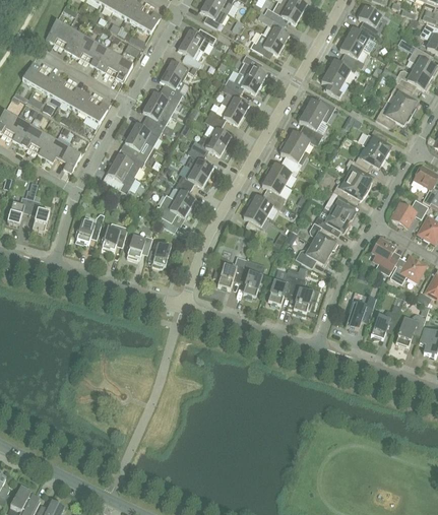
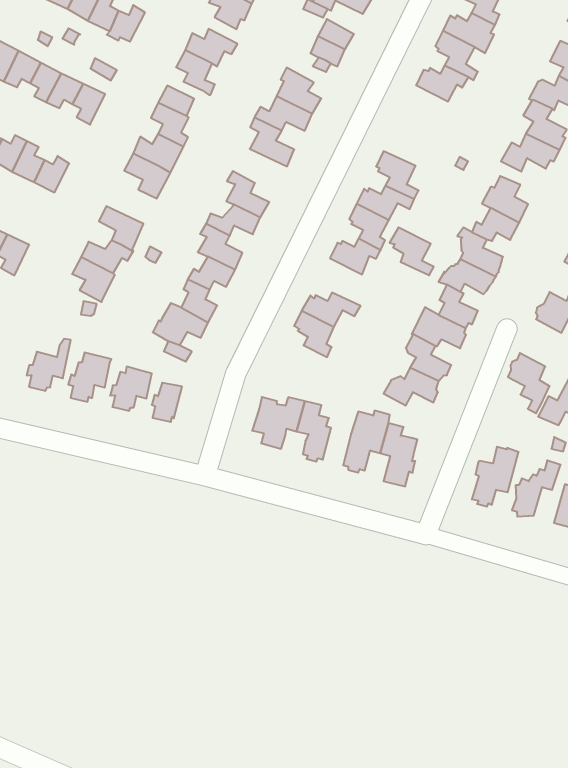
building: [320,68,345,98] -> none
building: [303,96,335,118] -> none
building: [209,102,243,124] -> none
building: [130,122,162,144] -> none
building: [260,172,287,202] -> [390,227,434,275]

